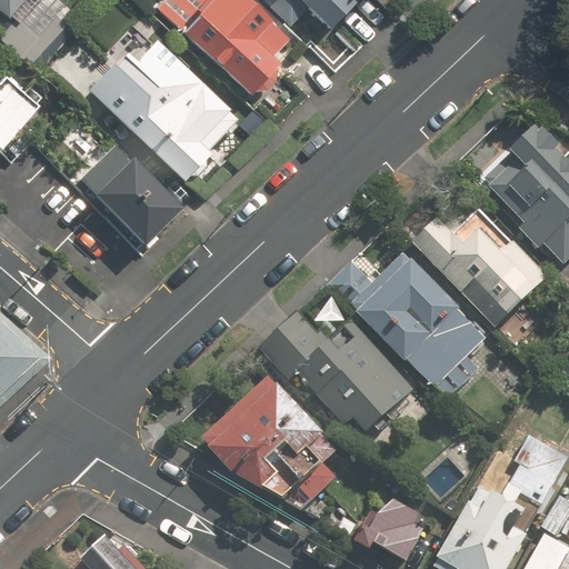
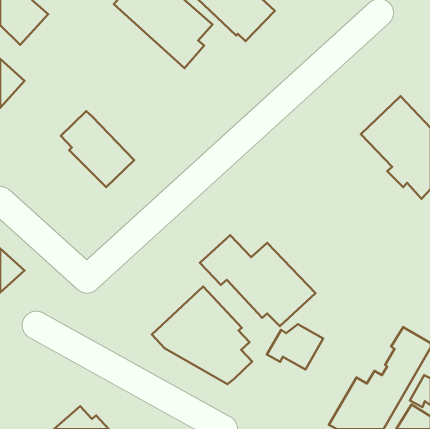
building: [93,40,233,177] -> none
building: [412,200,545,347] -> none
building: [335,254,488,396] -> none
building: [355,497,429,557] -> [267,324,323,370]

